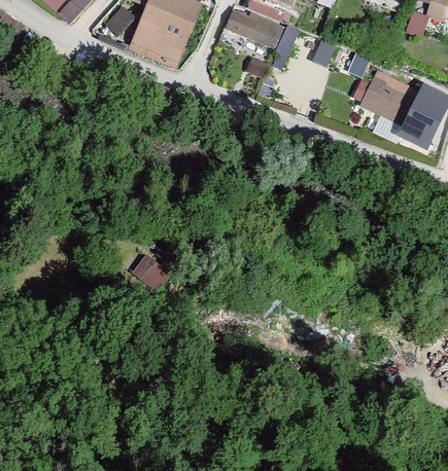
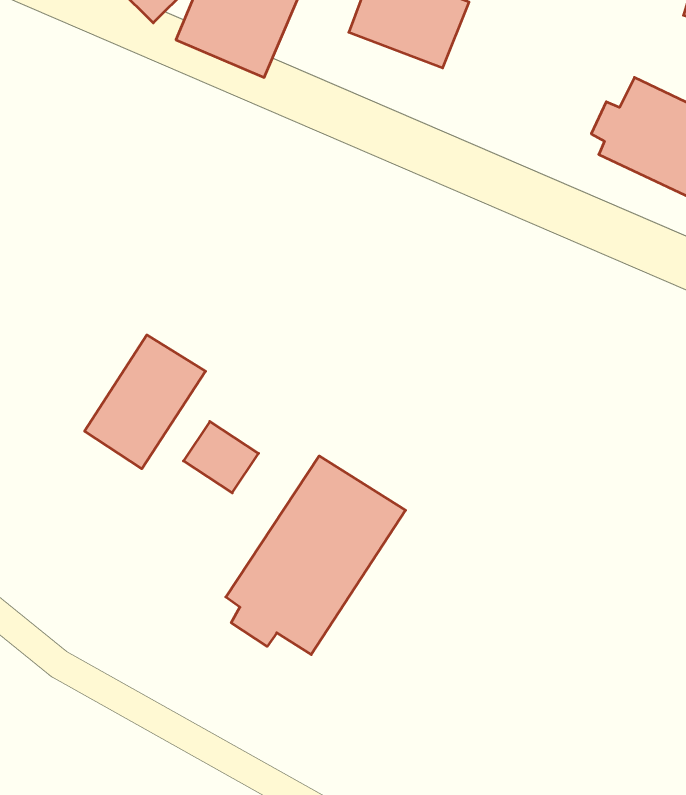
building: none -> [85,335,206,469]
building: none -> [226,456,406,655]

